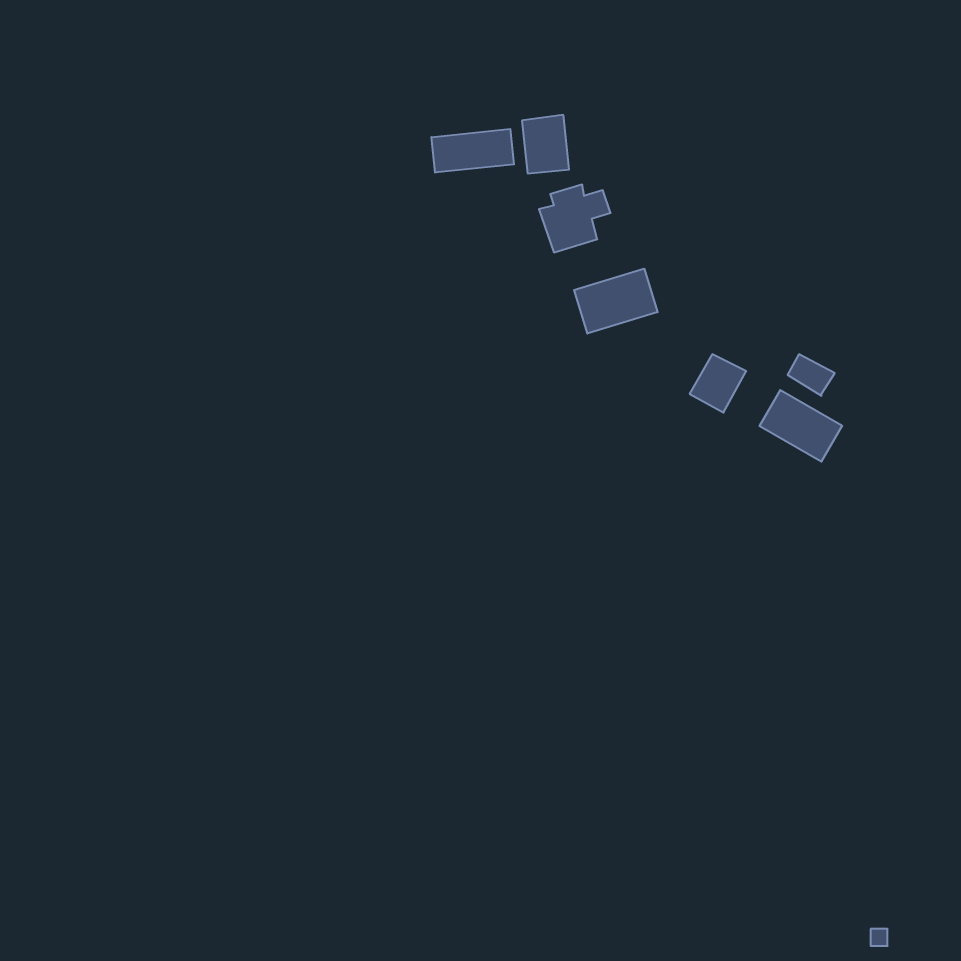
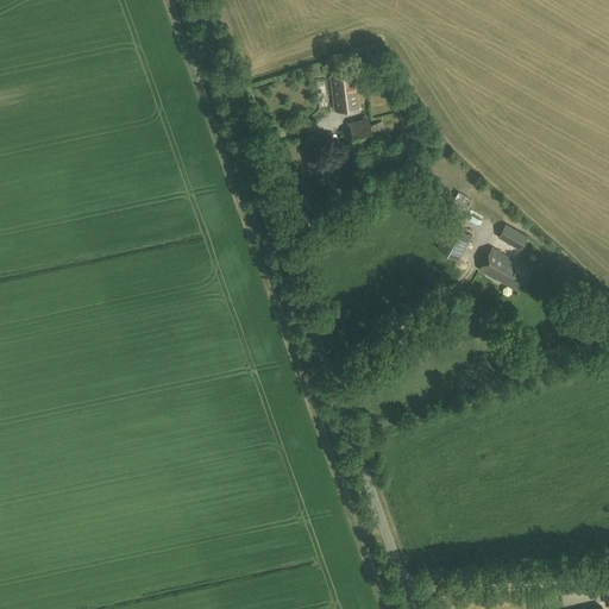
building: [431,129,514,173] -> none
building: [574,269,658,334] -> none

